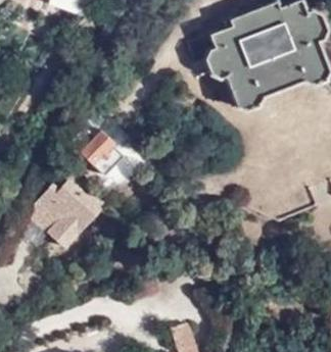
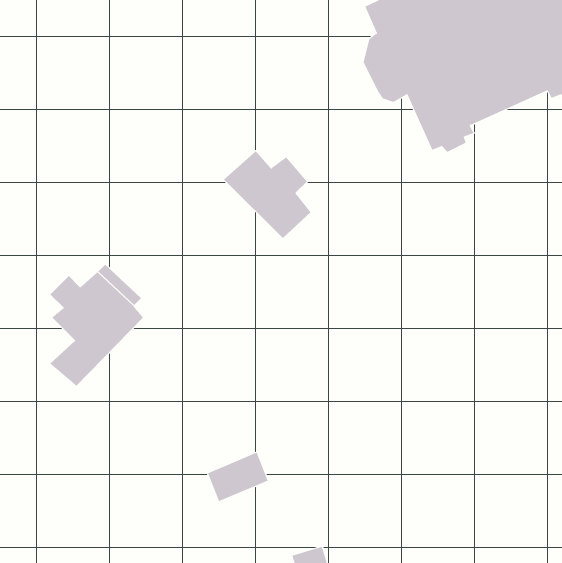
building: [68,127,115,173] -> [223,151,312,239]

